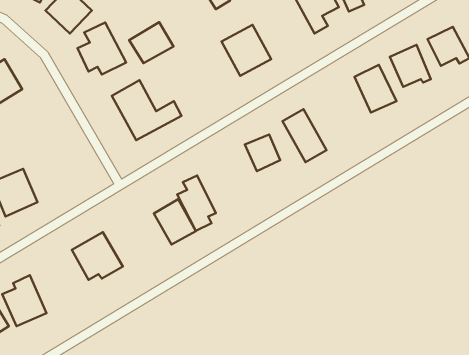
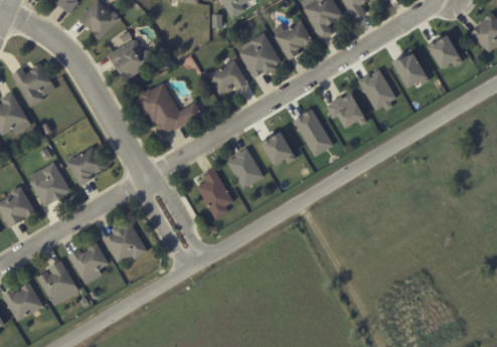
building: none -> [272,19,315,59]
building: [129,22,174,63] -> [208,58,248,96]
building: none -> [327,92,367,129]
building: none -> [65,146,105,186]
building: [154,199,196,245] -> [226,147,265,188]
building: none -> [68,242,109,284]

